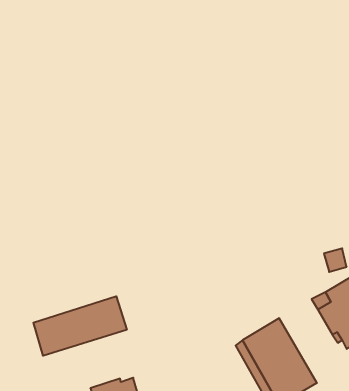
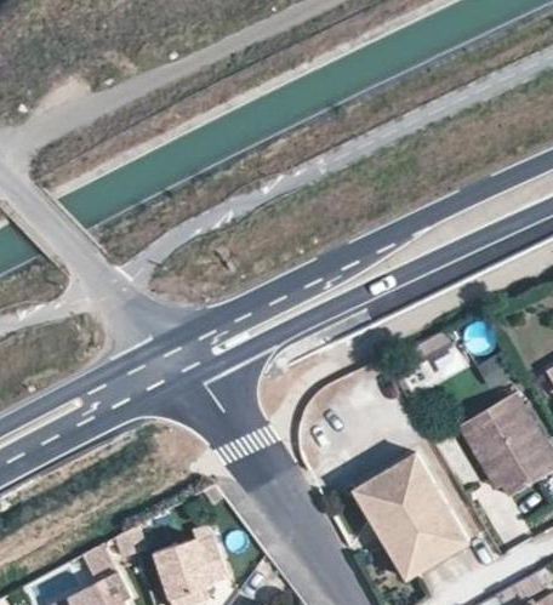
building: [33,296,127,356] -> none

